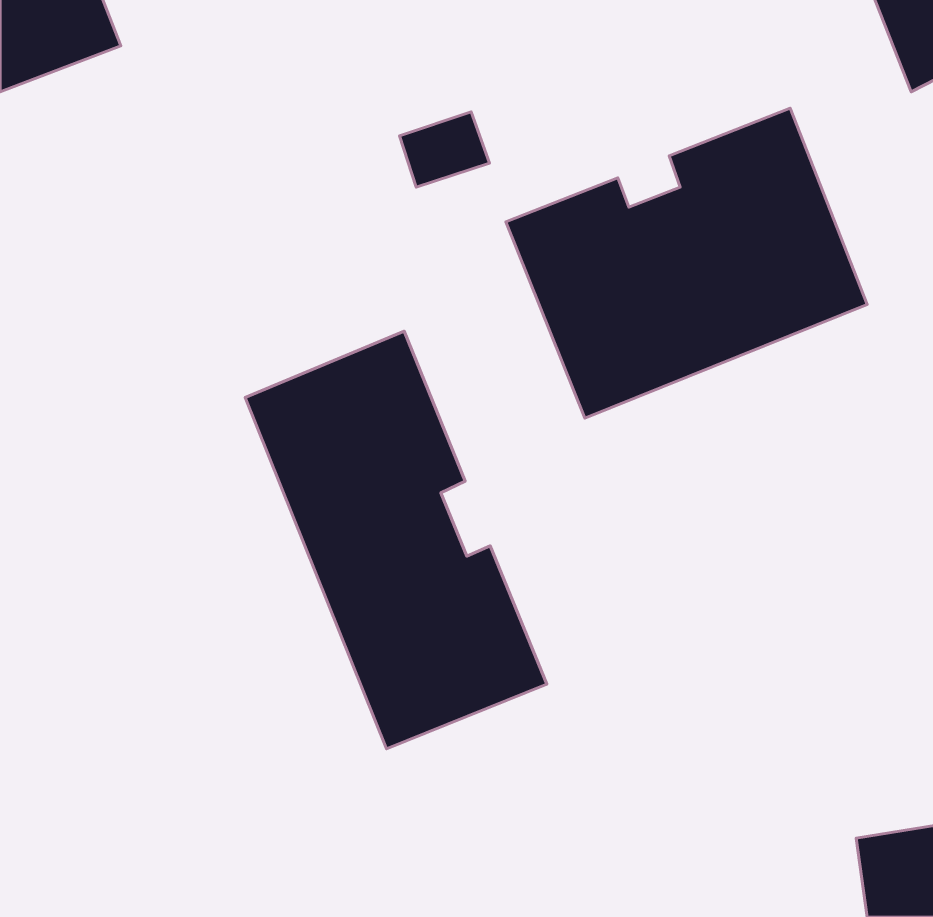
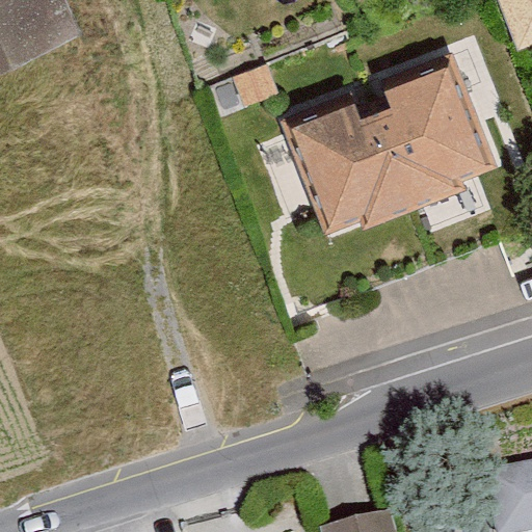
building: [245,331,547,749] -> none

